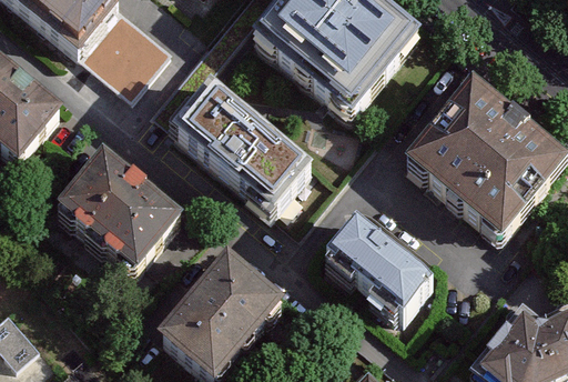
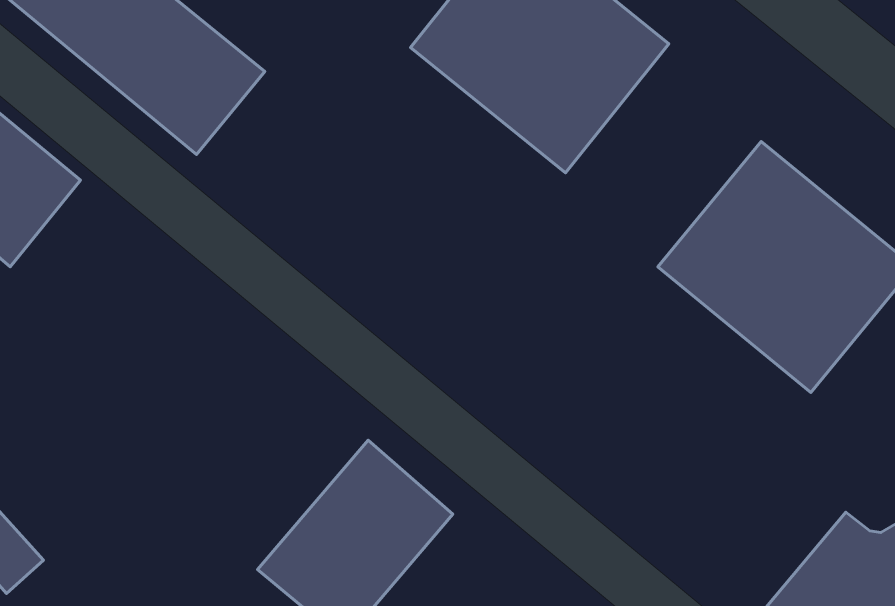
building: [165,72,321,219] -> none
building: [65,159,181,270] -> none
building: [321,218,427,316] -> none

